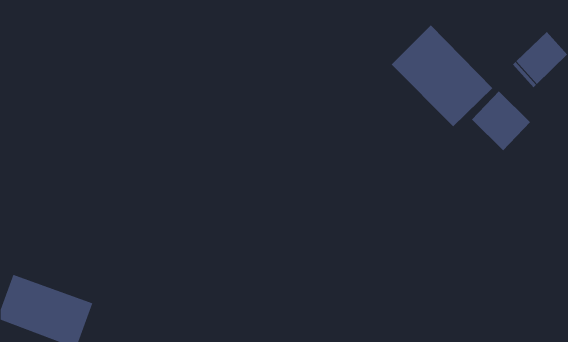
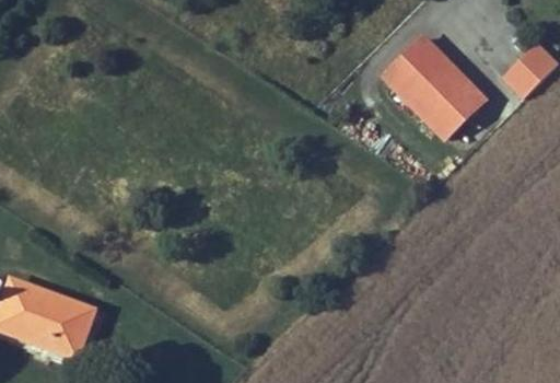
building: [471,90,531,151] -> none

